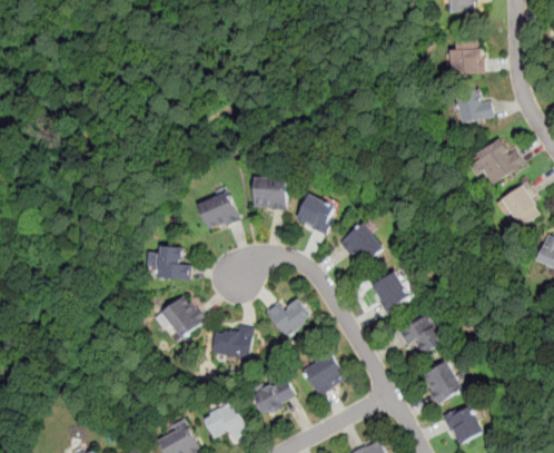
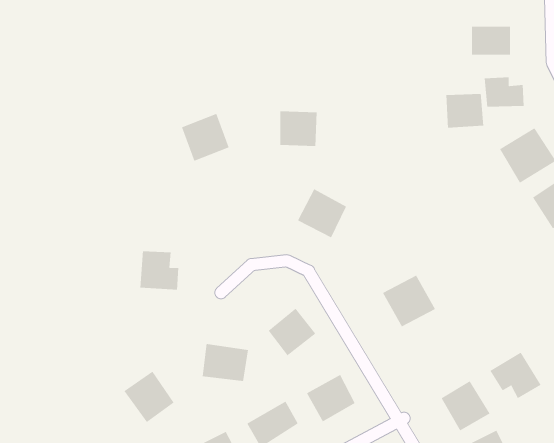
building: none -> [446,93,484,128]
building: [253,177,286,208] -> [279,111,317,146]
building: [197,189,239,232] -> [181,113,229,161]
building: [337,220,383,267] -> none
building: [160,293,205,338] -> [124,371,174,423]
building: [397,313,443,354] -> [489,352,541,399]

